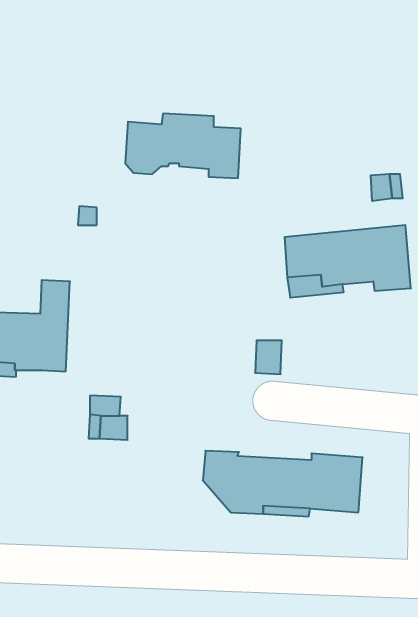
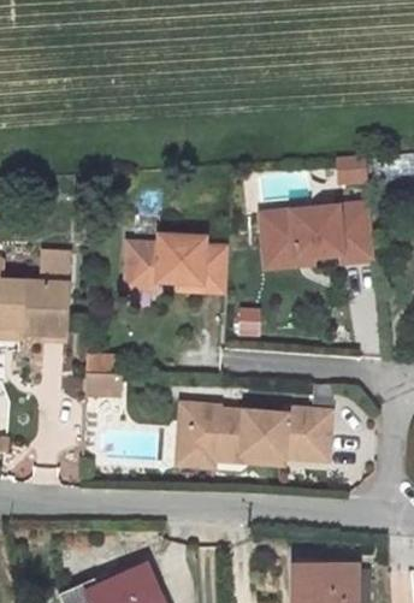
building: [125,114,241,178] -> [124,233,227,291]
building: none -> [176,404,212,467]

